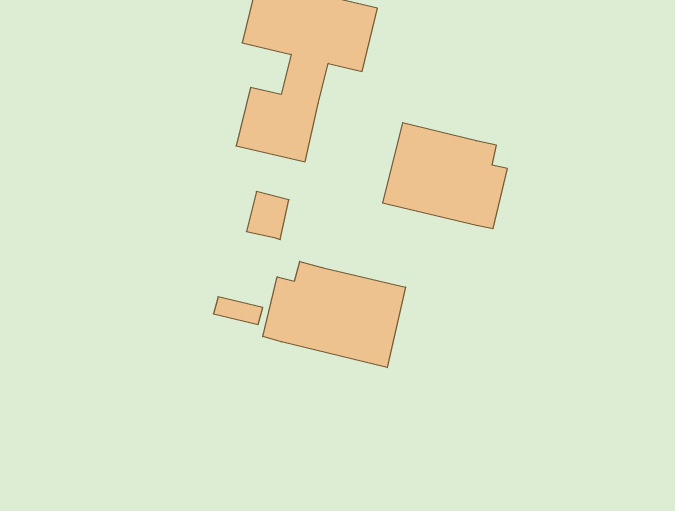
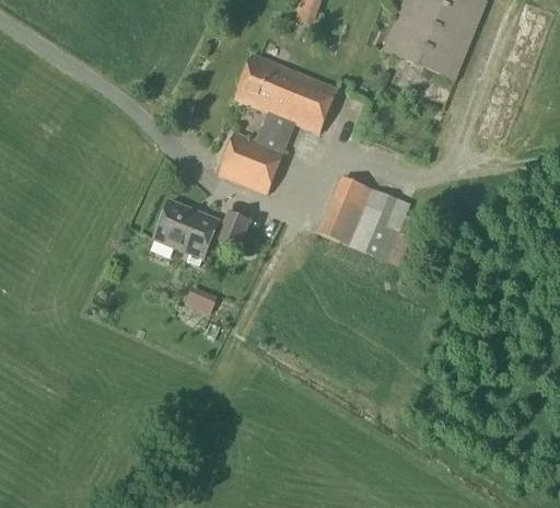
building: none -> [153,200,218,265]
building: [263,261,406,368] -> none

